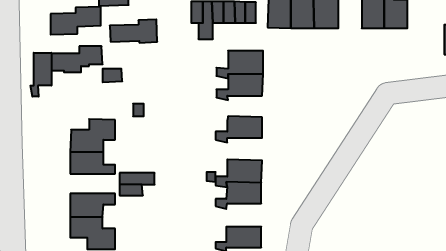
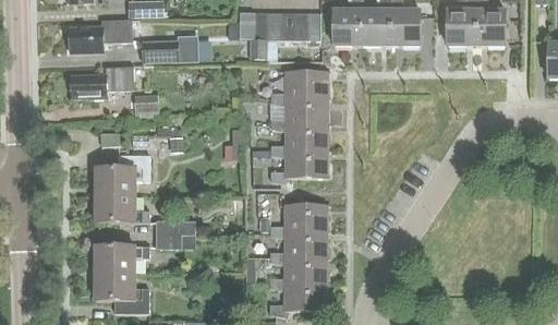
building: [30,53,51,97] -> none
building: none -> [271,127,327,157]
building: none -> [269,257,326,290]

